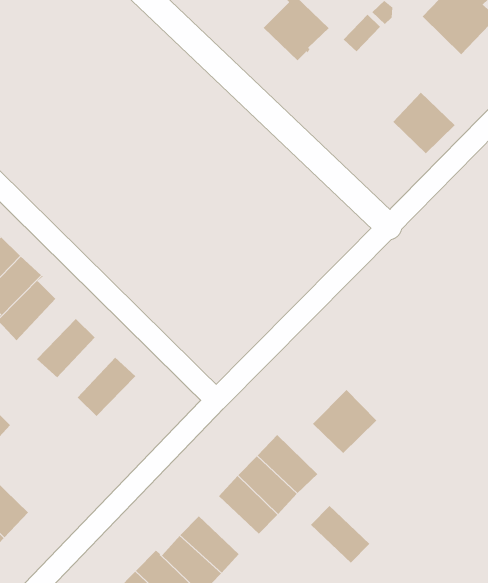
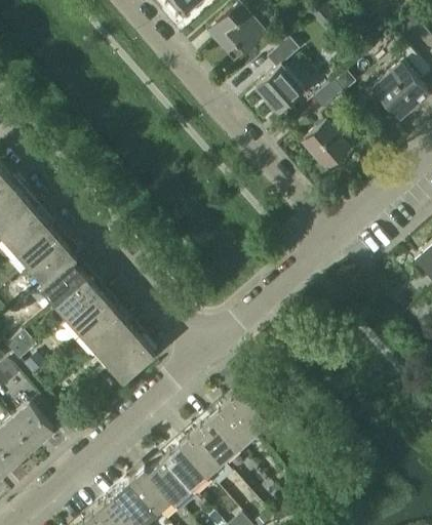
building: [392,92,455,154] -> [303,122,349,168]
building: none -> [54,276,100,319]
building: none -> [82,307,126,350]
building: none -> [109,337,155,381]
building: [312,389,377,454] -> none
building: [310,505,370,563] -> [179,431,222,475]

